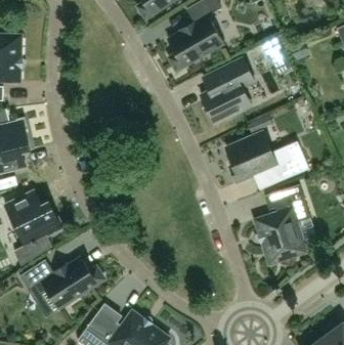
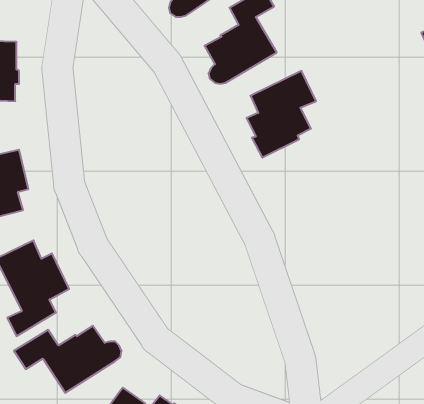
building: [226,131,308,183] -> none
building: [254,184,310,264] -> none

